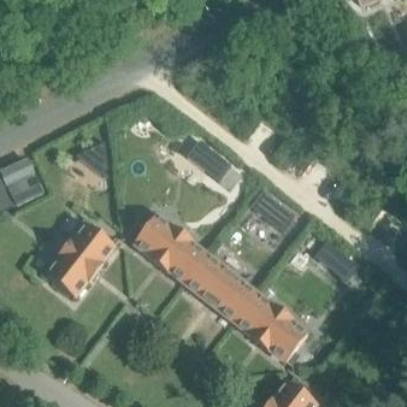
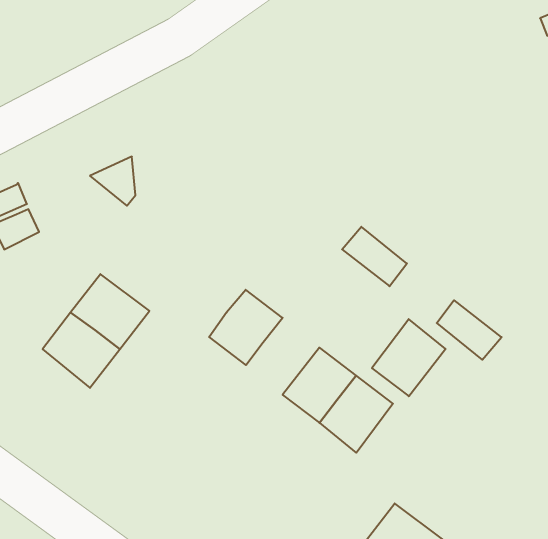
building: [185,138,231,181] -> none
building: [132,212,183,265] -> none
building: [183,252,234,305] -> none
building: [259,311,309,364] -> [372,319,446,396]

